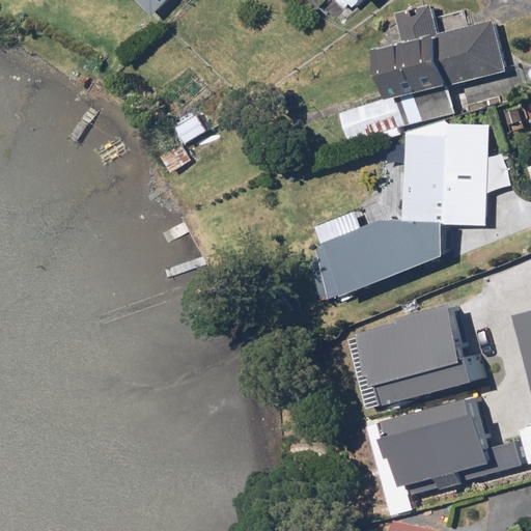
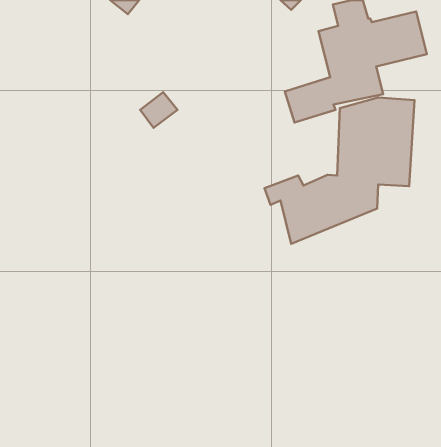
building: [367,307,488,409] -> none
building: [383,397,504,499] -> none

